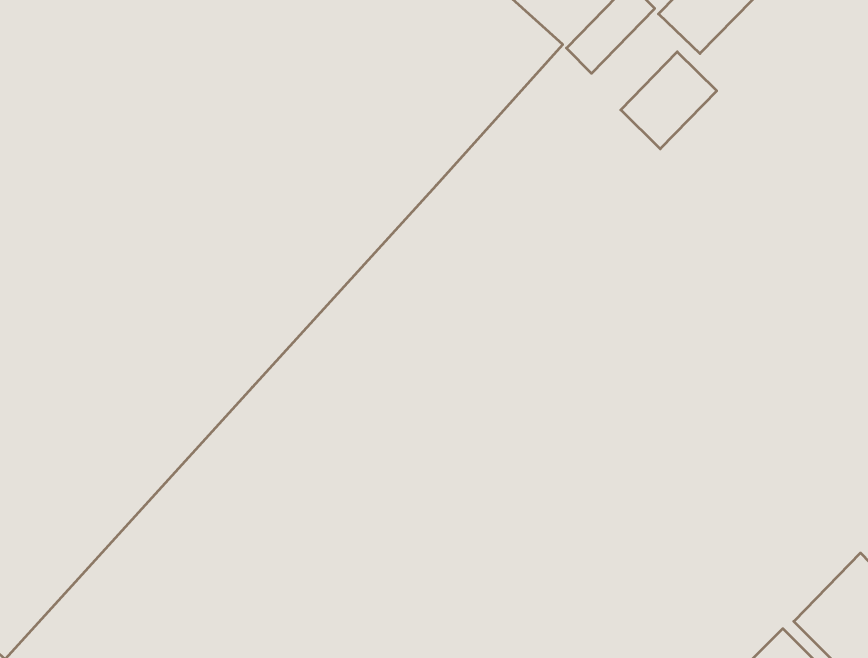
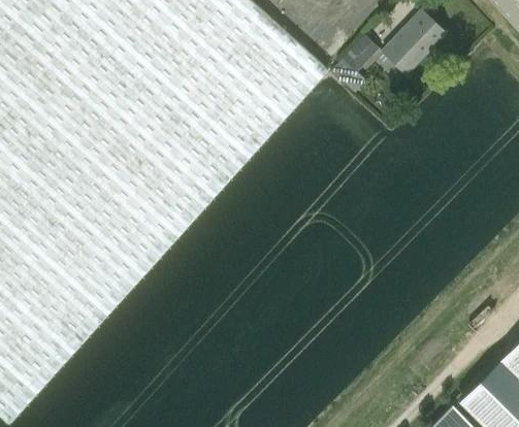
building: [621,52,717,149] -> none

